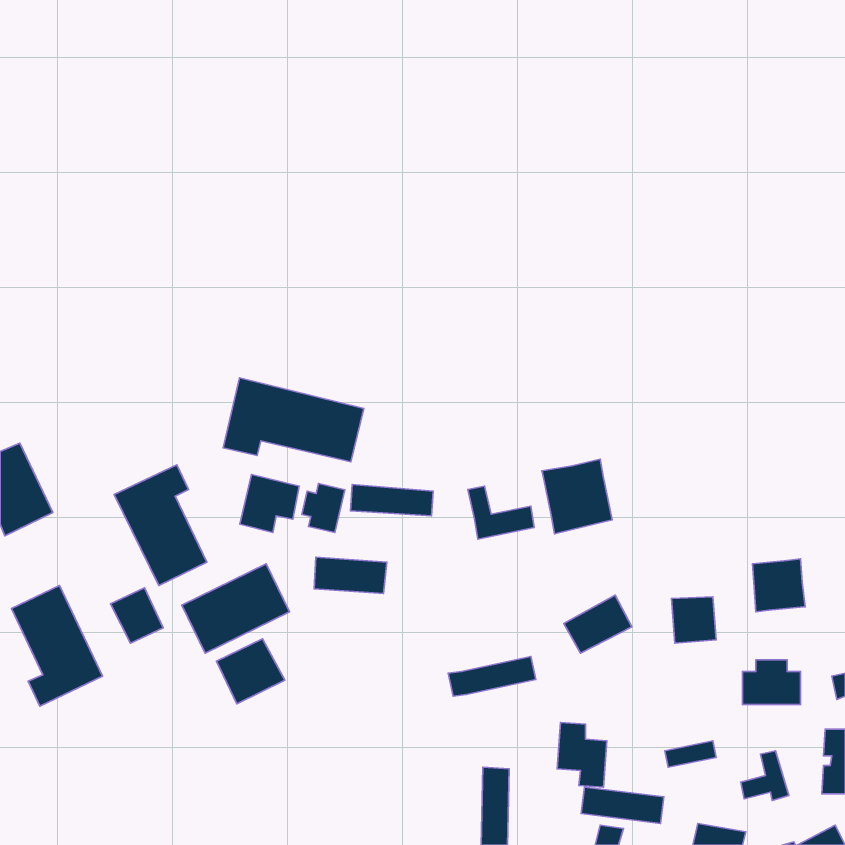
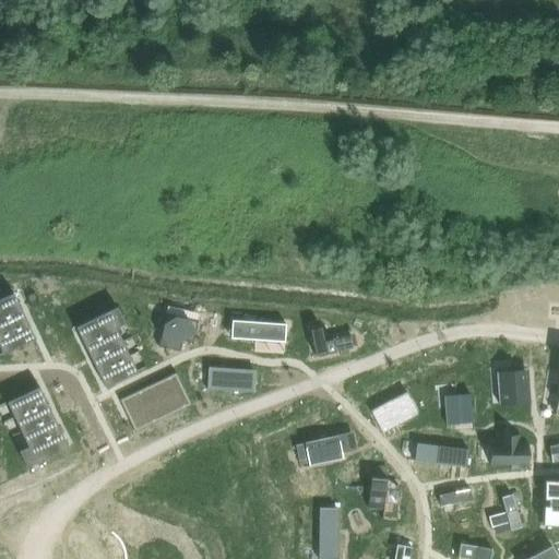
building: [223,378,364,462] -> none
building: [542,459,612,534] -> none
building: [302,484,345,533] -> none
building: [111,588,163,643] -> none
building: [216,639,285,704] -> none
building: [581,787,664,823] -> [414,443,468,467]

